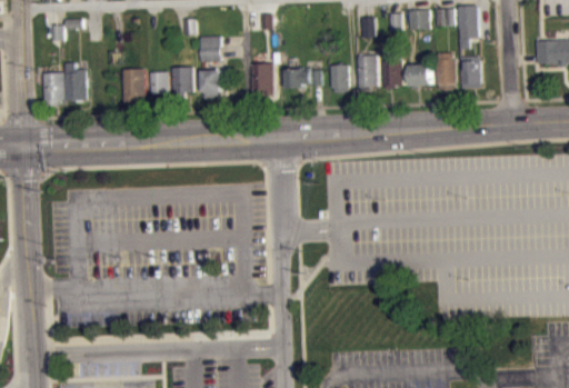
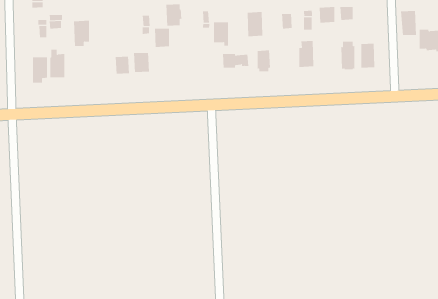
building: [458,6,479,38] -> [400,10,417,36]
building: [357,56,378,88] -> [247,12,263,37]
building: [251,64,271,96] -> [213,22,229,46]
building: [410,66,433,86] -> none
building: [121,69,142,102] -> [73,20,90,46]
building: [201,70,222,99] -> [166,4,182,26]

